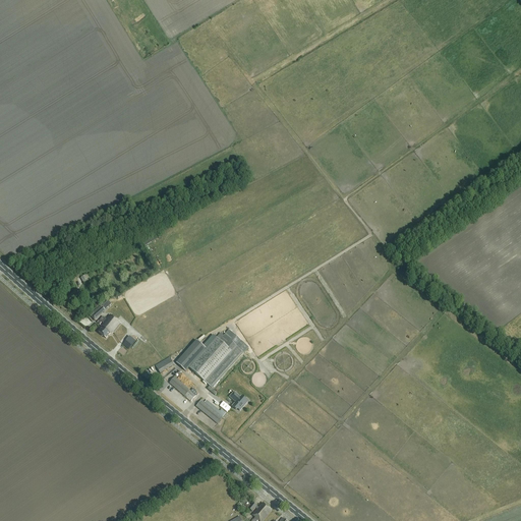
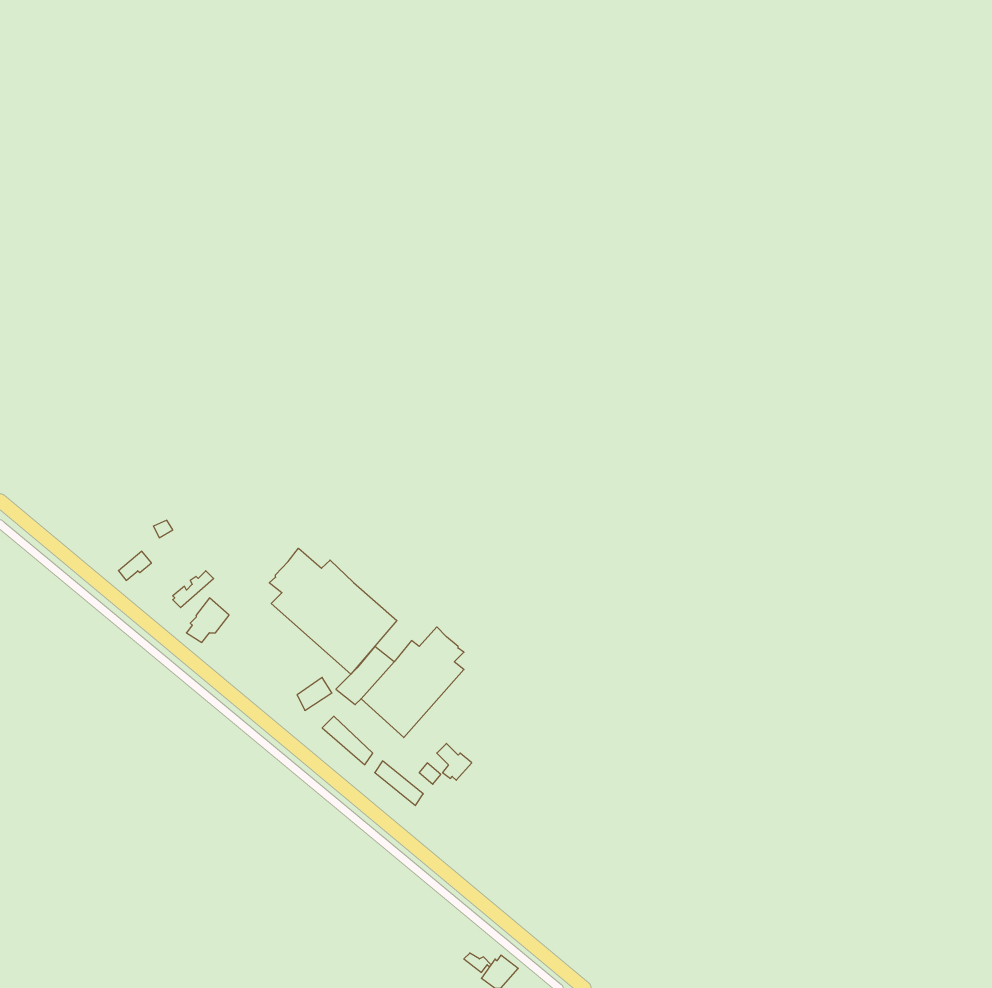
building: none -> [269,548,397,674]

